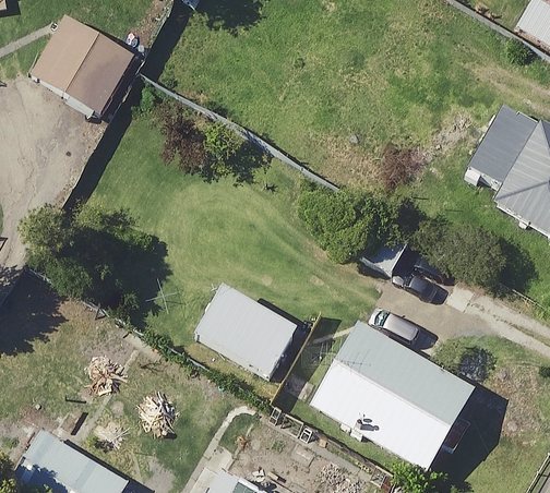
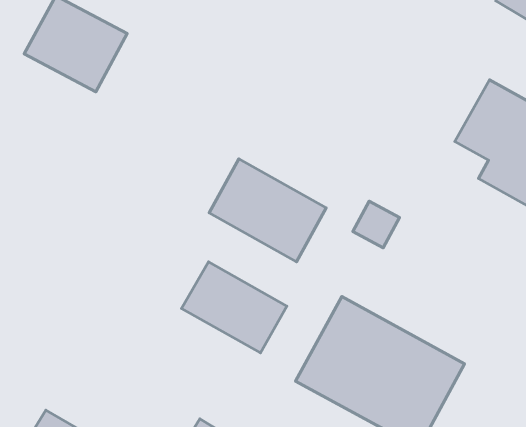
building: none -> [209,159,326,262]

